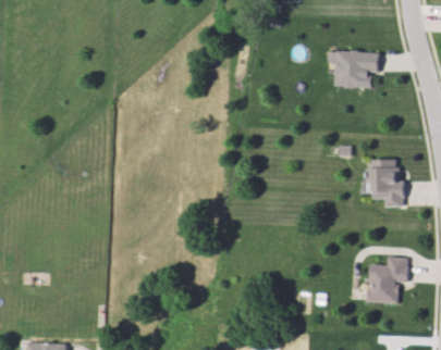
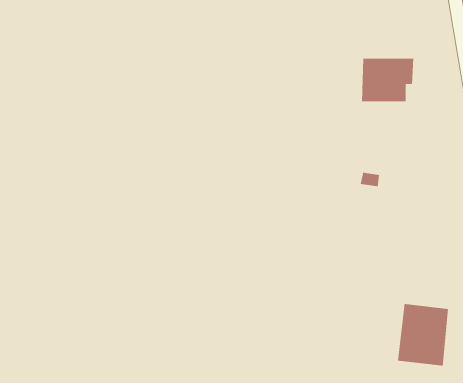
building: [367,159,406,205] -> none

